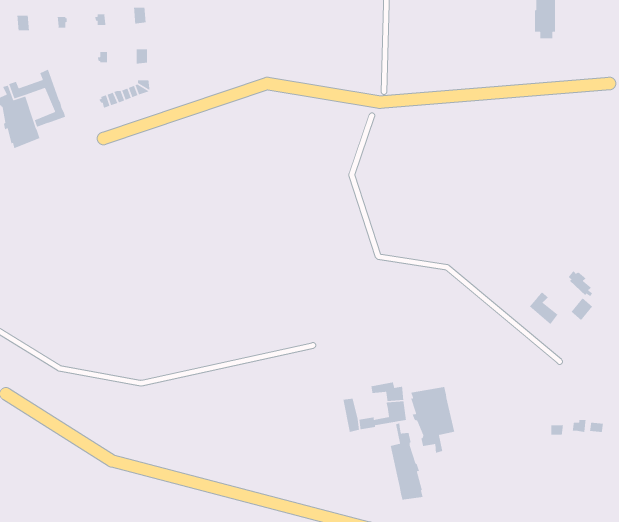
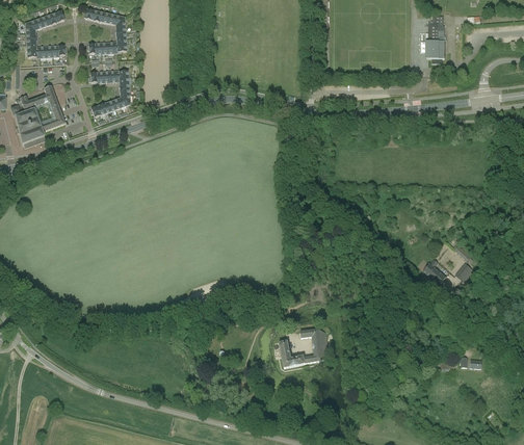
building: [410,386,455,454] -> none
building: [390,422,424,501] -> none

